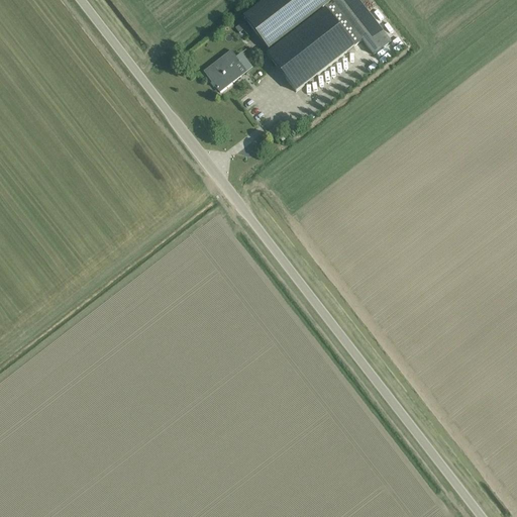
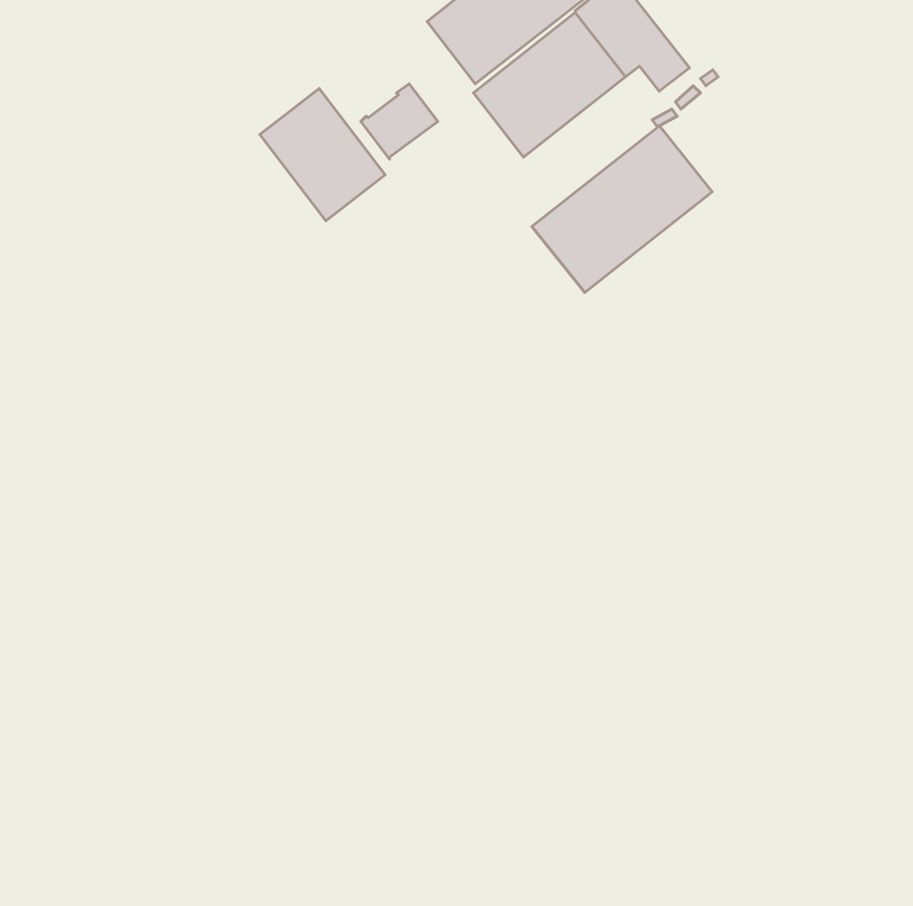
building: none -> [260,89,385,221]
building: none -> [532,126,712,292]

